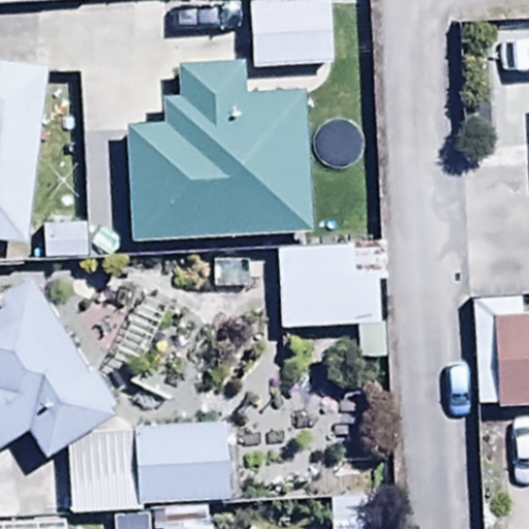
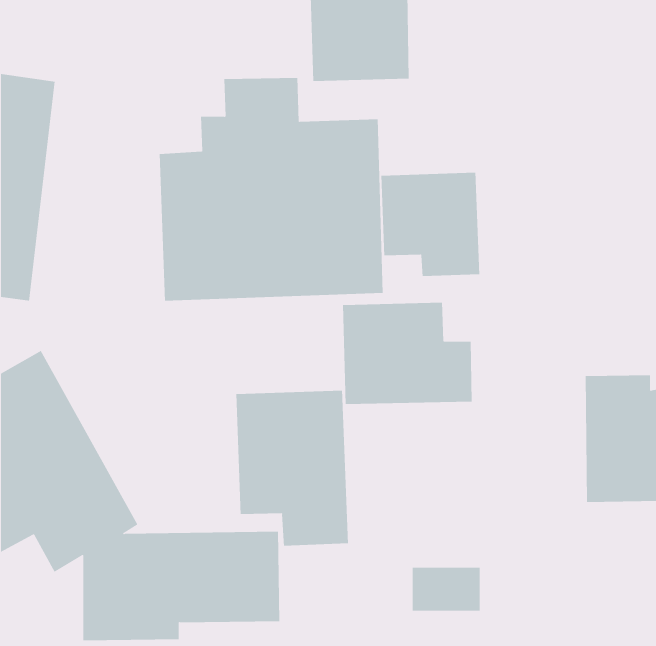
building: none -> [381,172,480,277]
building: none -> [236,390,349,547]

